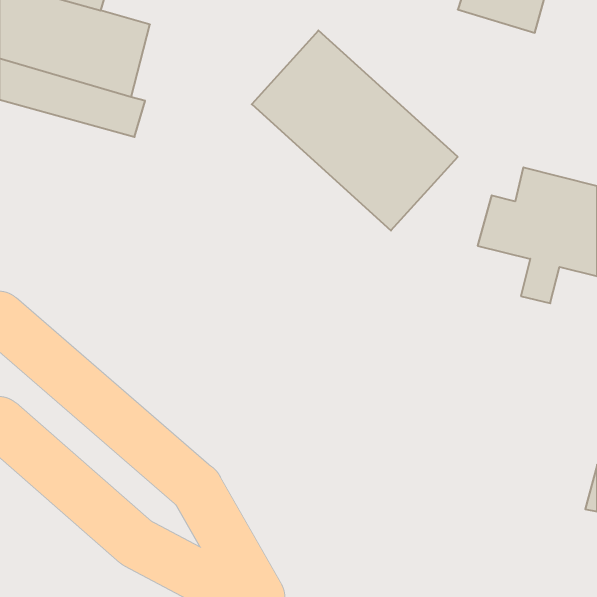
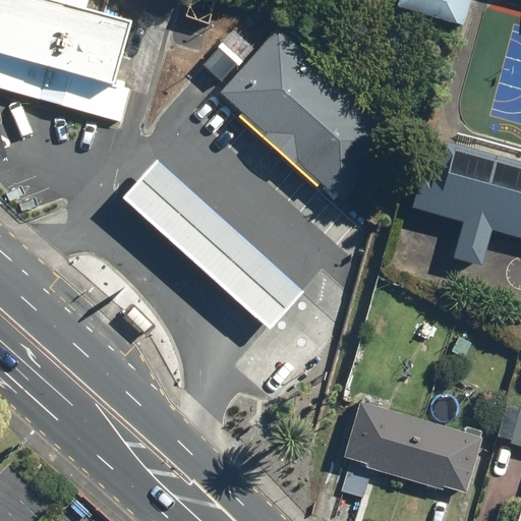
building: none -> [122,161,302,330]
building: none -> [339,399,483,497]

